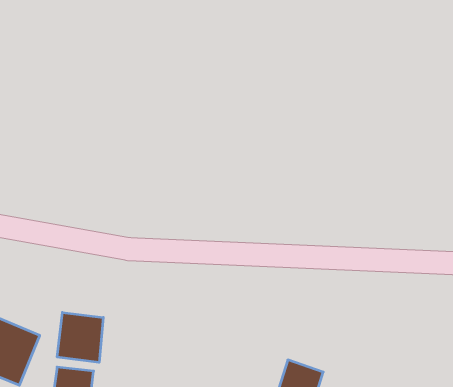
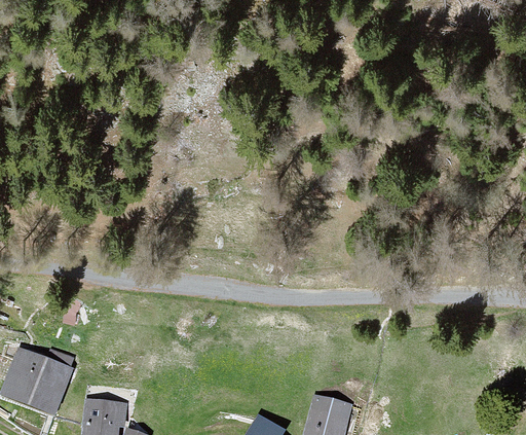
building: [57,312,103,362] -> none

